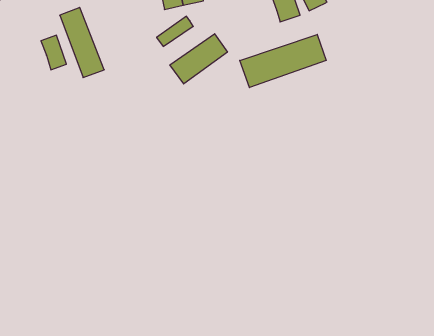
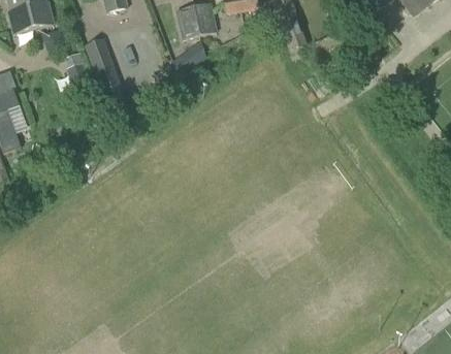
building: [170,34,227,84] -> none
building: [240,34,326,88] -> none

